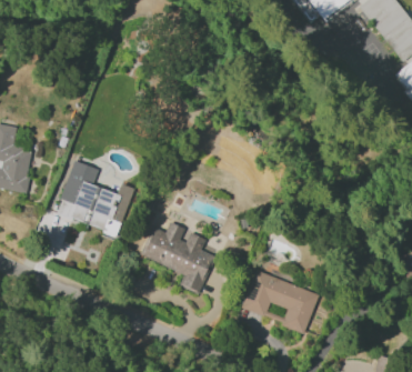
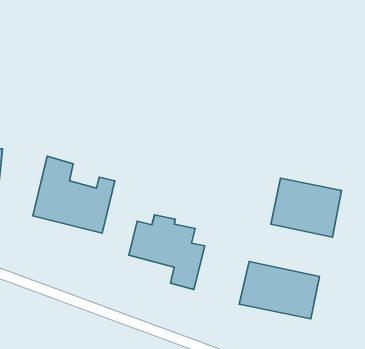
building: none -> [271,178,341,237]

